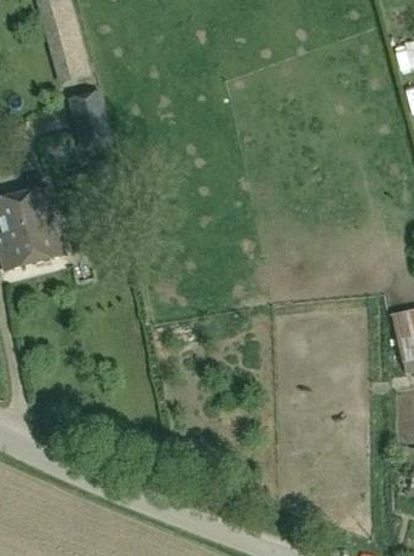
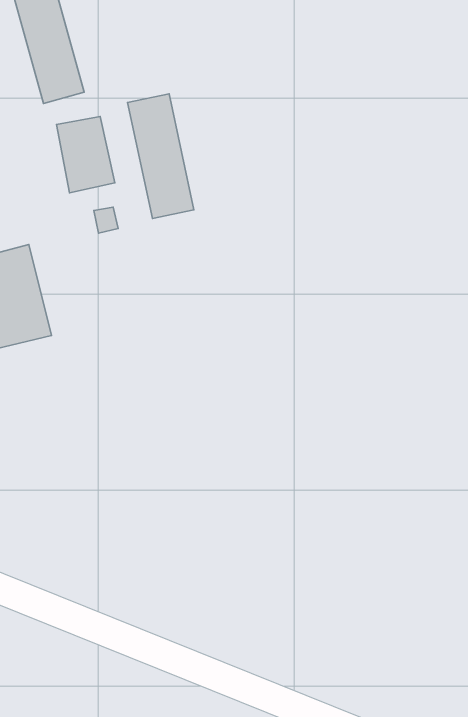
building: none -> [128,94,194,219]

